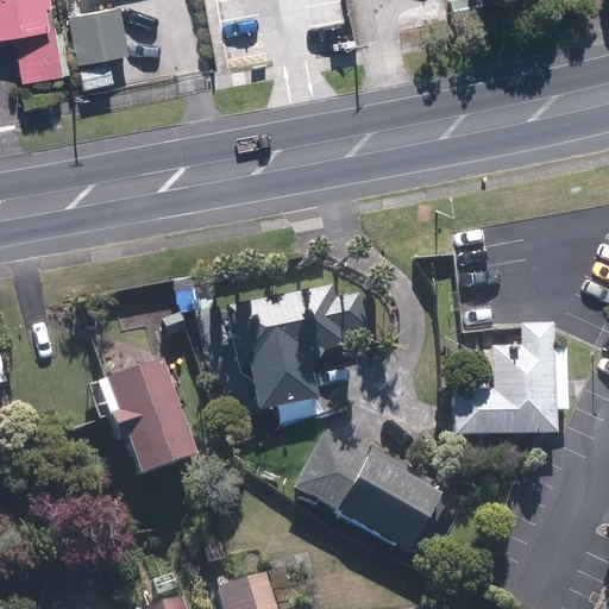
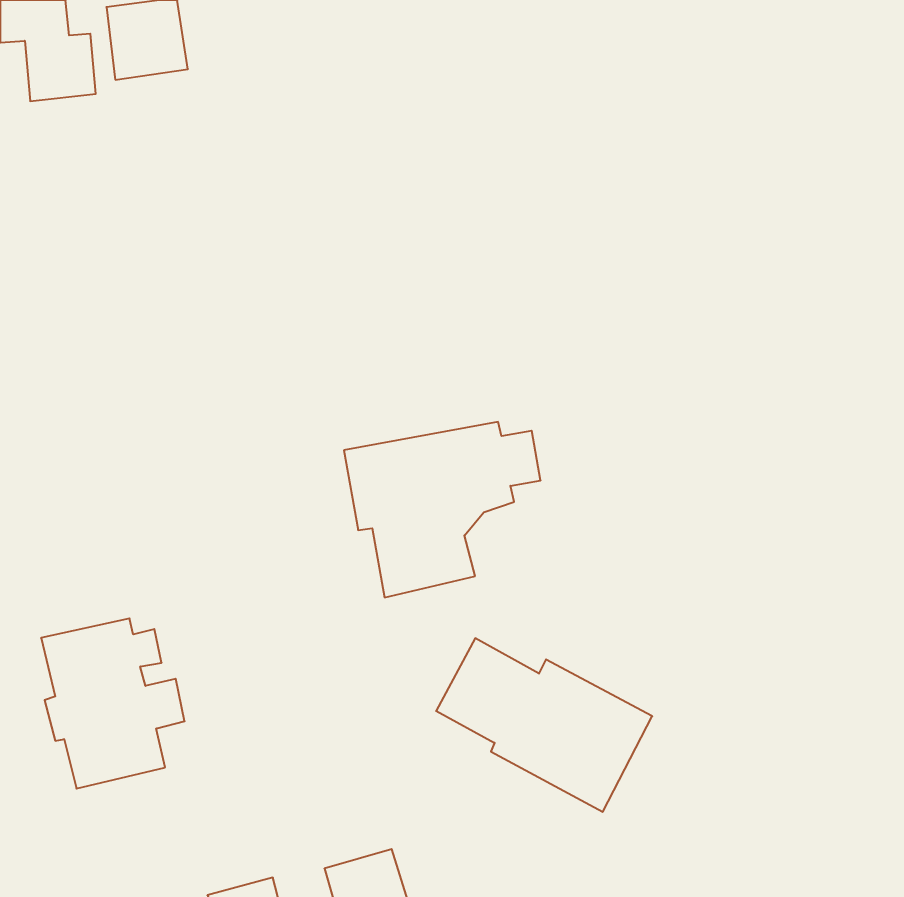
building: [442,334,559,441] -> none
building: [112,358,208,472] -> [41,618,185,789]

